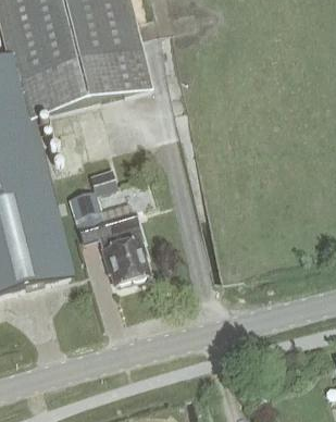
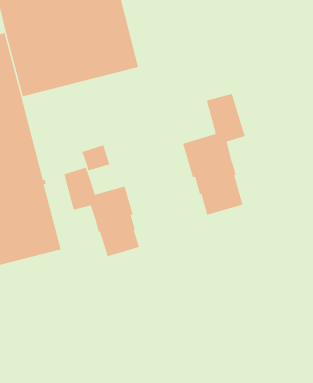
building: none -> [182,93,248,216]

